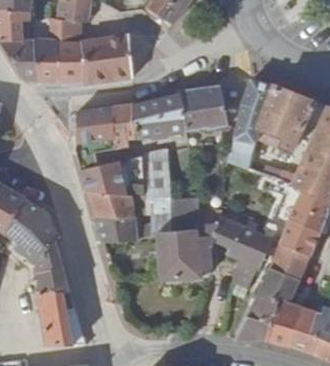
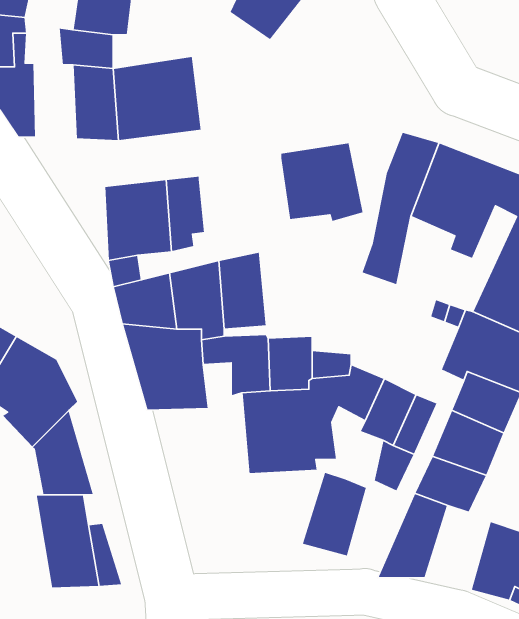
building: [34,38,59,83] -> none
building: [131,94,184,138] -> none
building: [264,298,302,347] -> [302,472,367,556]

